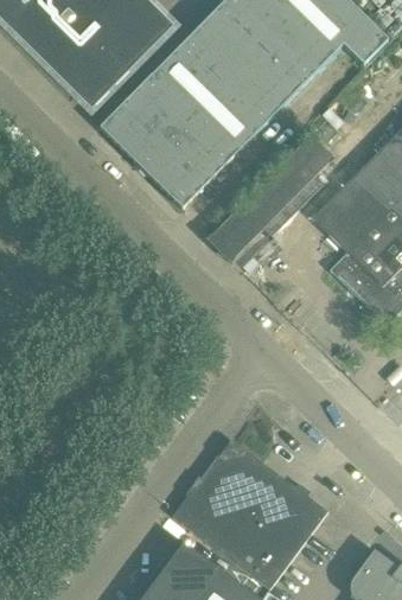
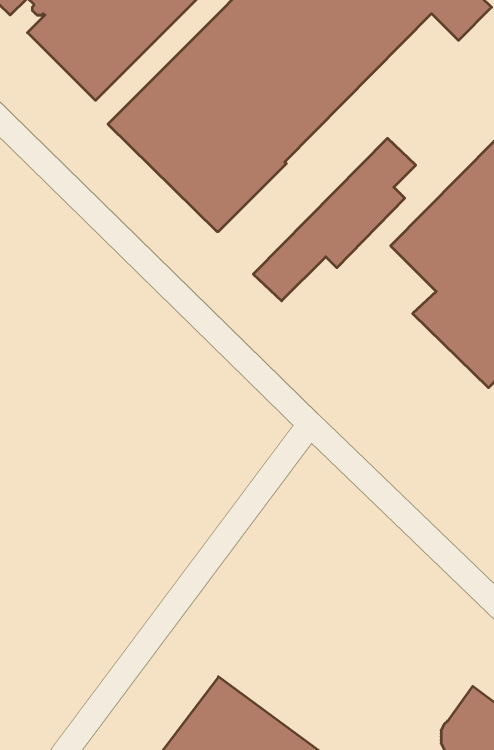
building: [172,438,327,588] -> none

